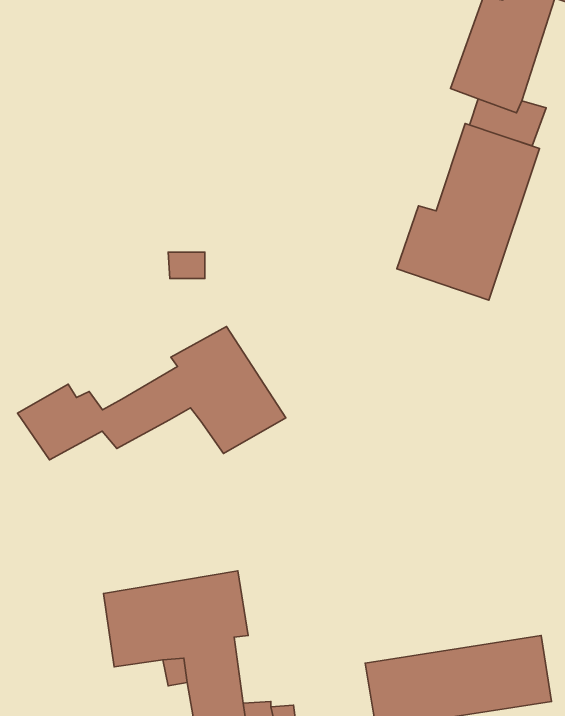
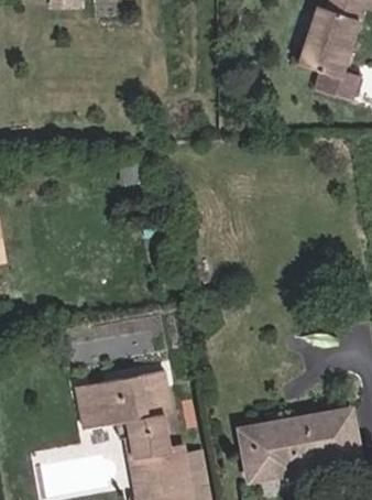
building: [397,124,540,300] -> none
building: [18,326,286,460] -> none

